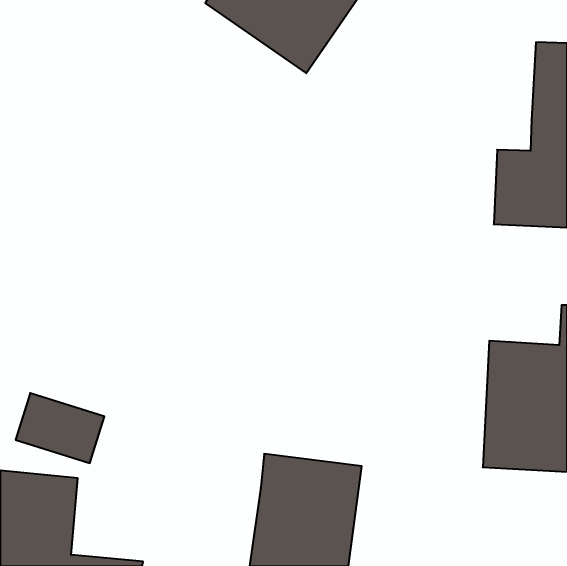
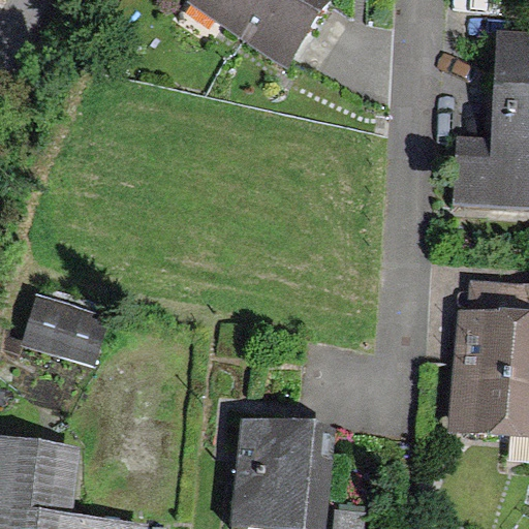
building: [16,393,104,463] -> [17,291,99,356]

